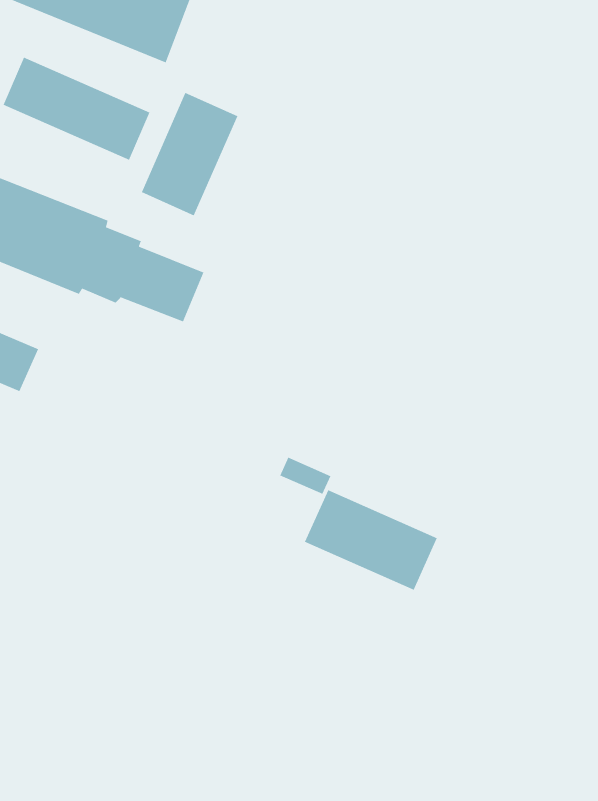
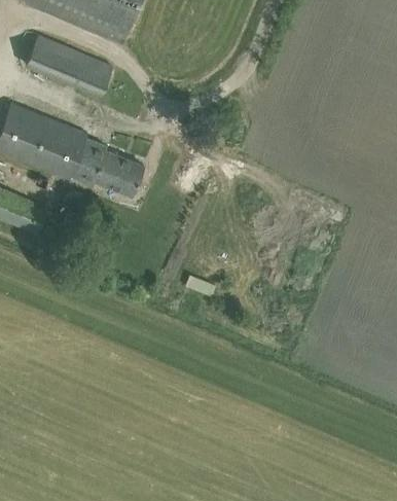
building: [141,92,238,217] -> none
building: [304,489,438,591] -> none

